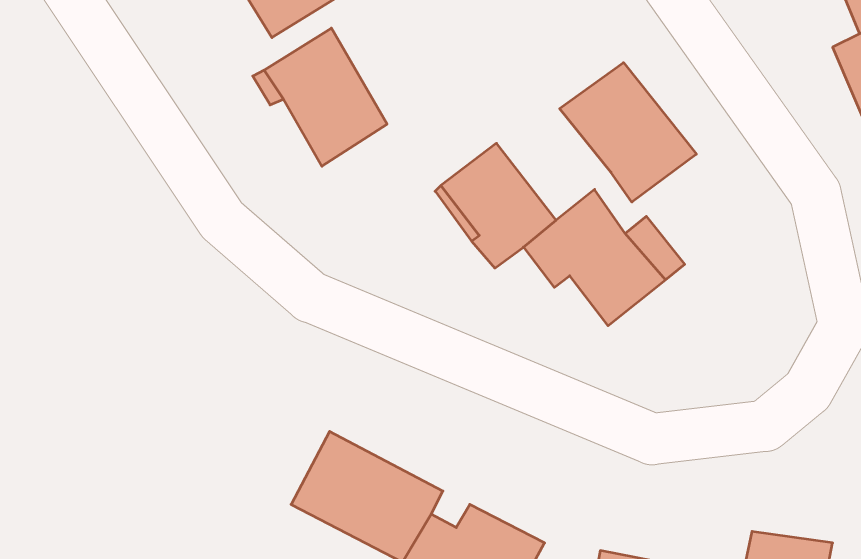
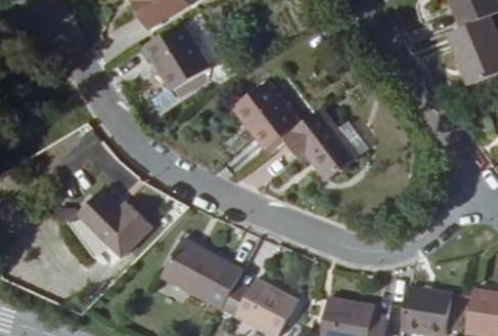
building: [560,63,696,202] -> none
building: none -> [76,192,147,257]

